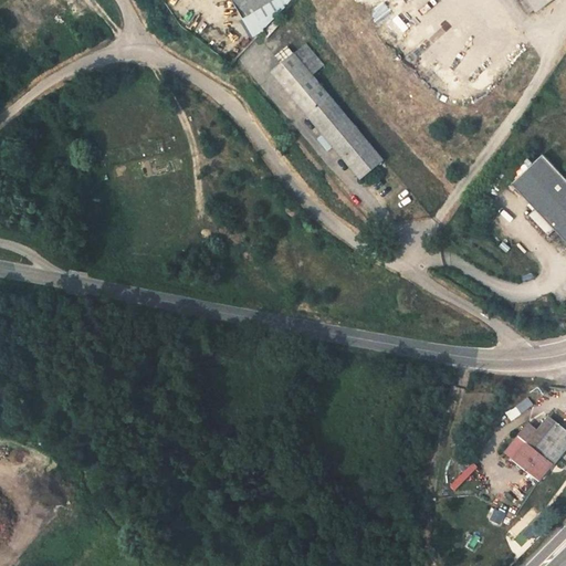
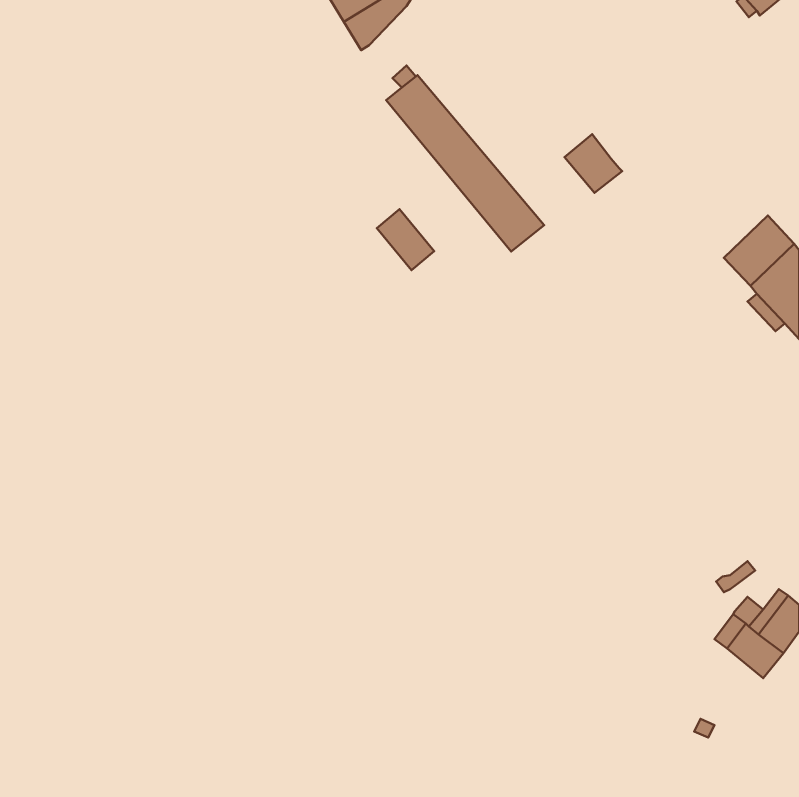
building: none -> [564,134,622,193]
building: none -> [377,209,434,270]

